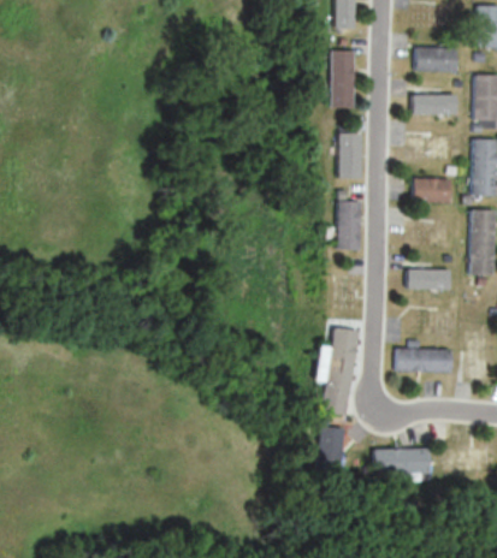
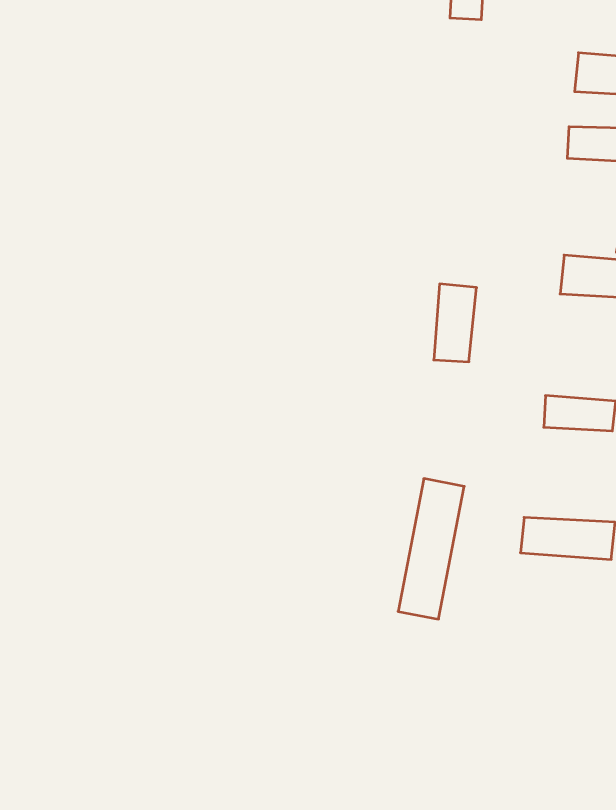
building: [327,49,353,108] -> none
building: [335,132,360,179] -> none
building: [315,426,344,474] -> none
building: [375,449,433,474] -> none

